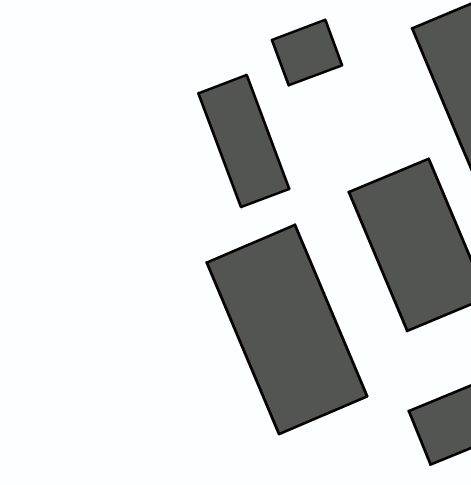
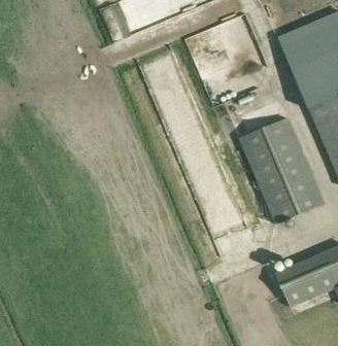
building: [199,75,289,207] -> none
building: [207,225,367,434] -> none

